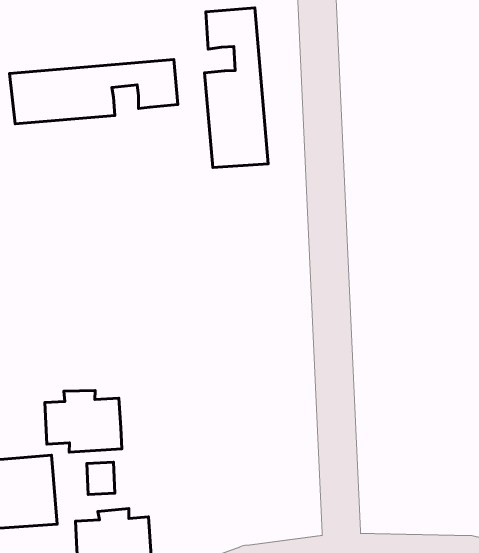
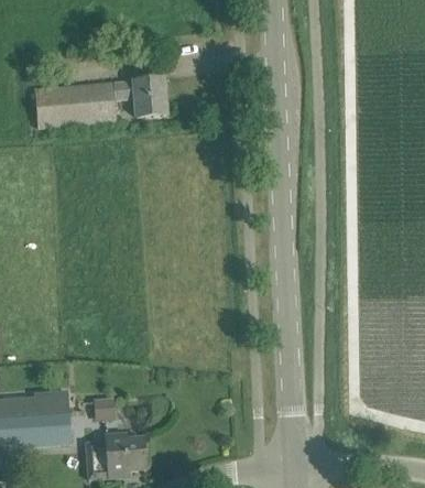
building: [205,8,268,167] -> none
building: [45,390,122,452] -> none

